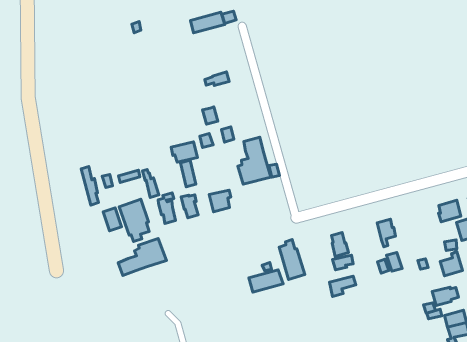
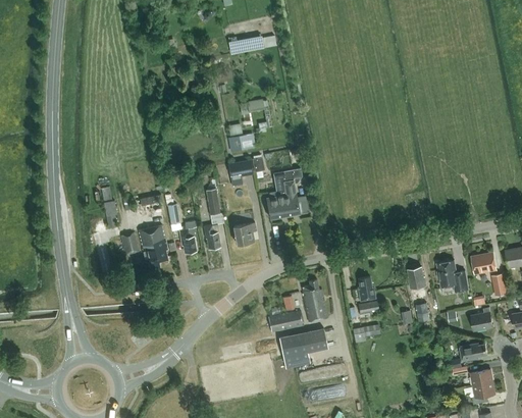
building: [171,142,198,162] -> none
building: none -> [436,261,468,293]
building: [118,239,166,276] -> none
building: none -> [283,327,332,368]

